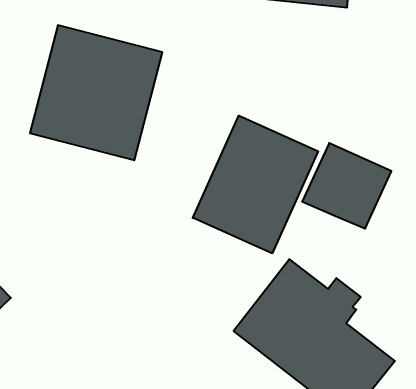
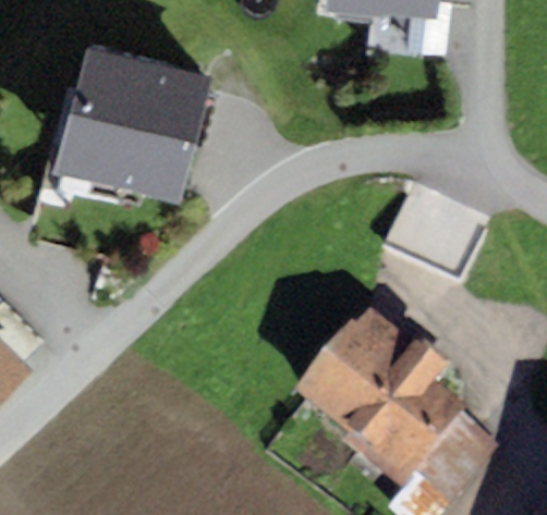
building: [193,116,318,253] -> none

